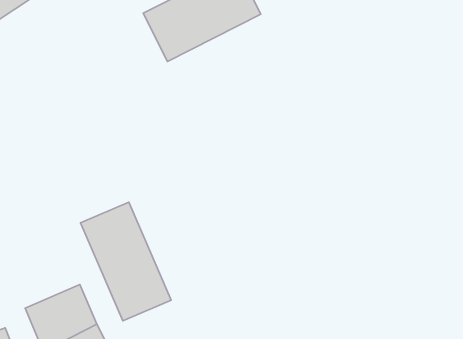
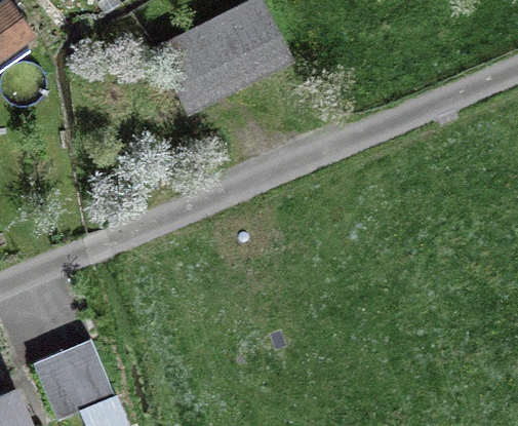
building: [81,202,171,321] -> none

